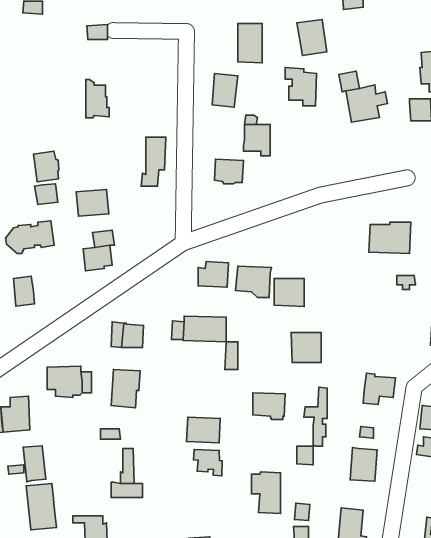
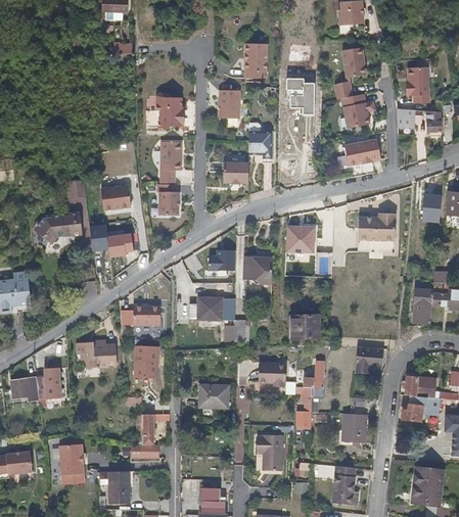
building: [297,19,327,55] -> [340,47,367,79]
building: [86,79,109,118] -> [164,92,184,126]
building: none -> [343,140,379,165]
building: [34,151,59,182] -> none
building: none -> [157,183,179,214]
building: [14,276,34,306] -> [91,225,109,251]
building: [274,279,304,306] -> [287,228,314,252]
building: [23,446,46,482] -> none
building: [194,450,222,476] -> none

